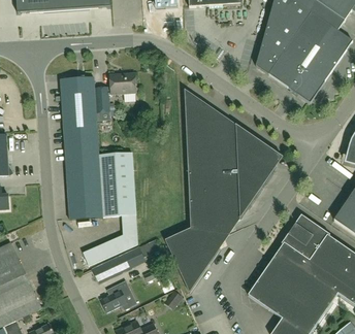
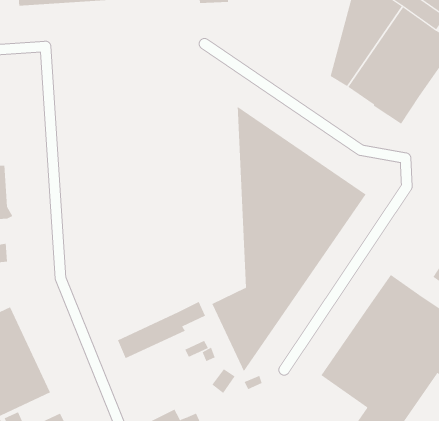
building: [56,72,137,265] -> none
building: [99,279,131,311] -> none

